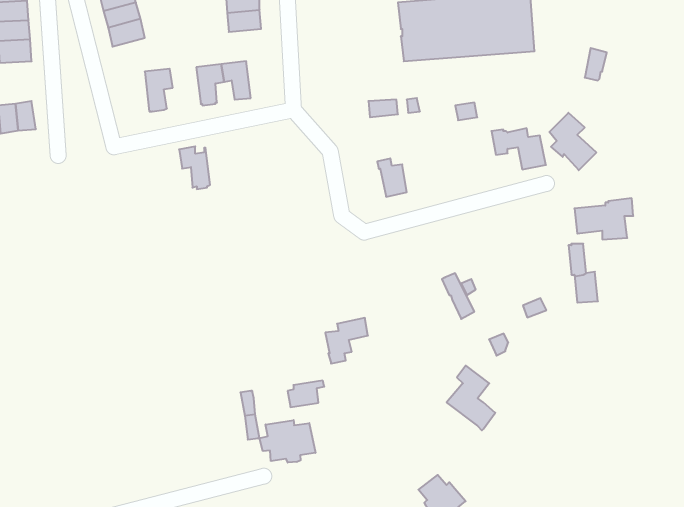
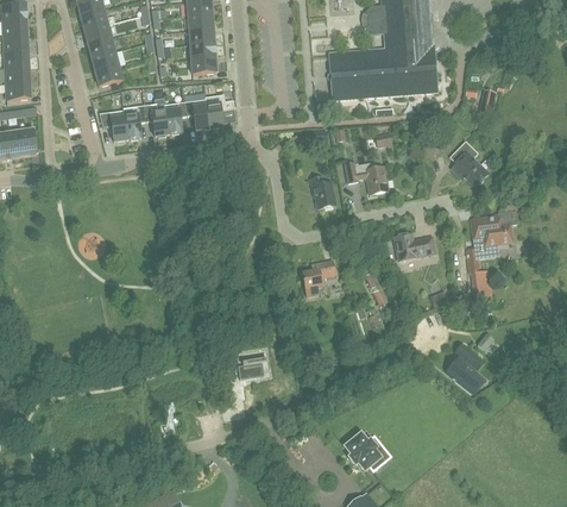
building: none -> [203,94,233,129]
building: none -> [97,107,126,142]
building: [491,128,546,169] -> [344,161,388,194]
building: [179,146,210,189] -> [143,102,168,137]
building: none -> [393,233,435,261]
building: [325,318,368,364] -> [301,259,335,296]
building: [447,366,495,430] -> [445,342,484,394]
building: [260,420,315,463] -> none

